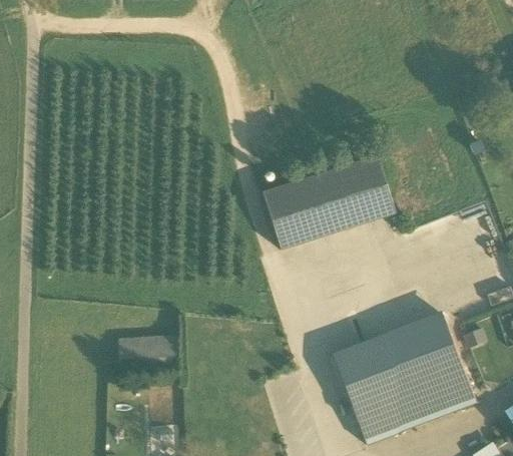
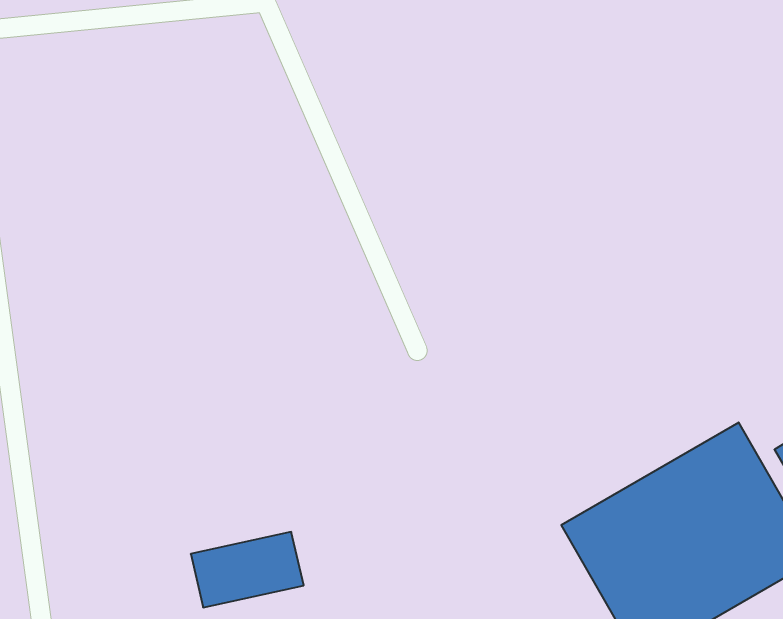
building: [263,154,396,249] -> none

